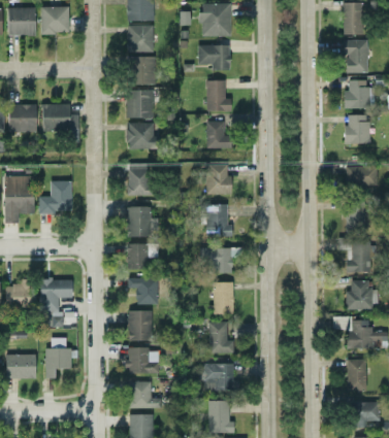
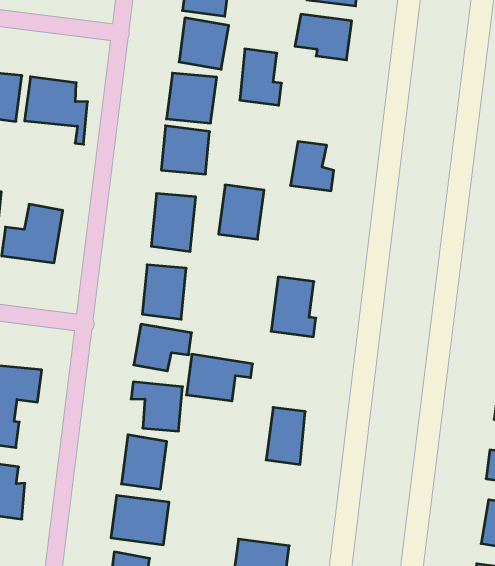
building: [206,80,231,111] -> [240,49,282,105]
building: [206,165,230,195] -> [219,185,264,239]
building: [204,247,241,272] -> [186,354,253,401]
building: [208,322,234,355] -> none

